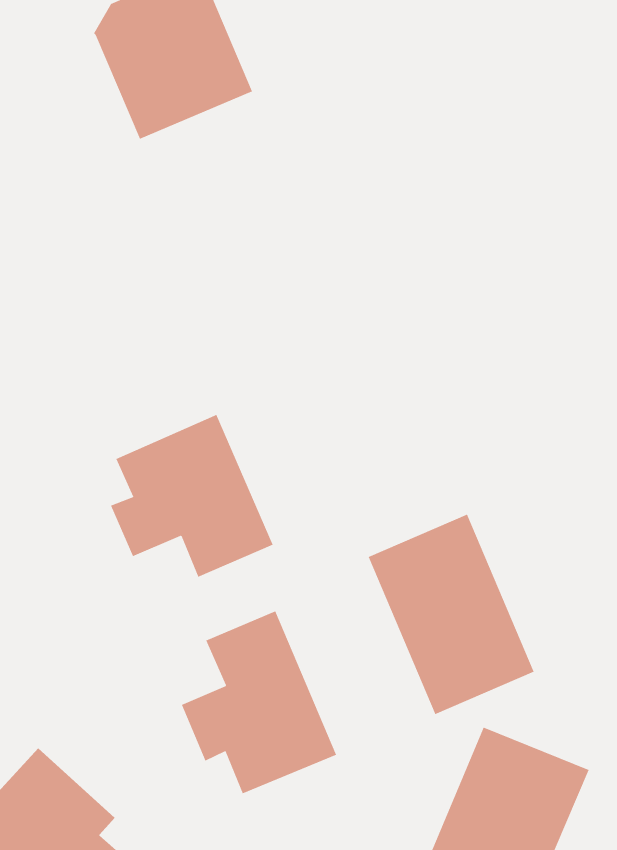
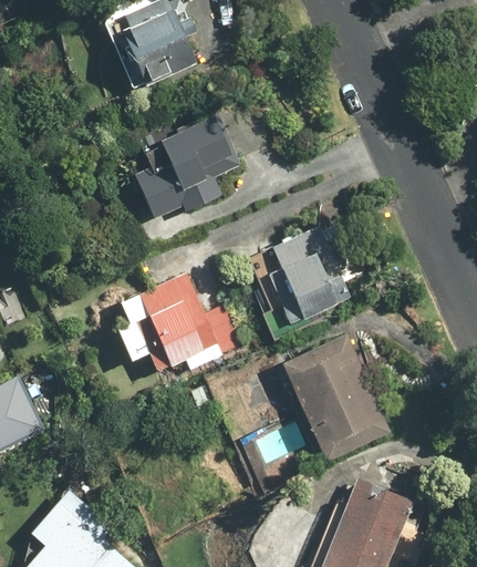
building: none -> [133,116,243,220]
building: none -> [247,227,349,324]
building: [181,610,337,794] -> none

